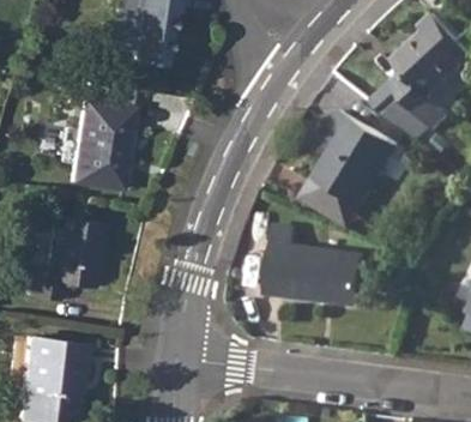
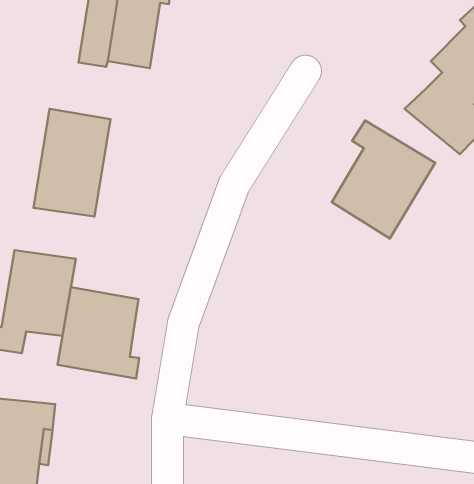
building: [303,176,362,225] -> none
building: [266,224,364,305] -> none
building: none -> [58,287,139,379]

